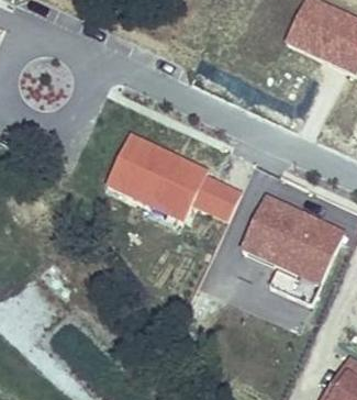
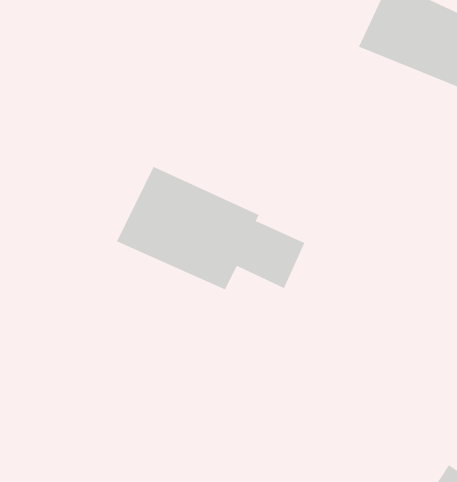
building: [237,193,346,305] -> none

